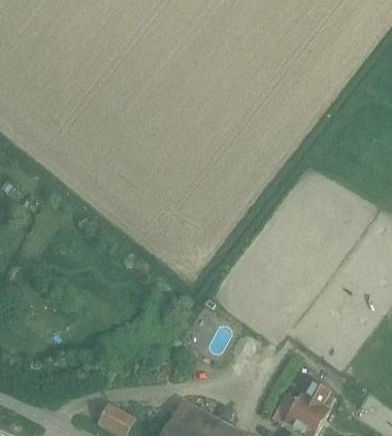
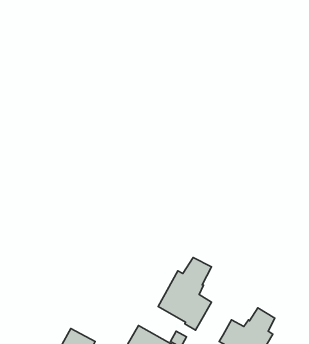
building: none -> [158,257,211,330]

